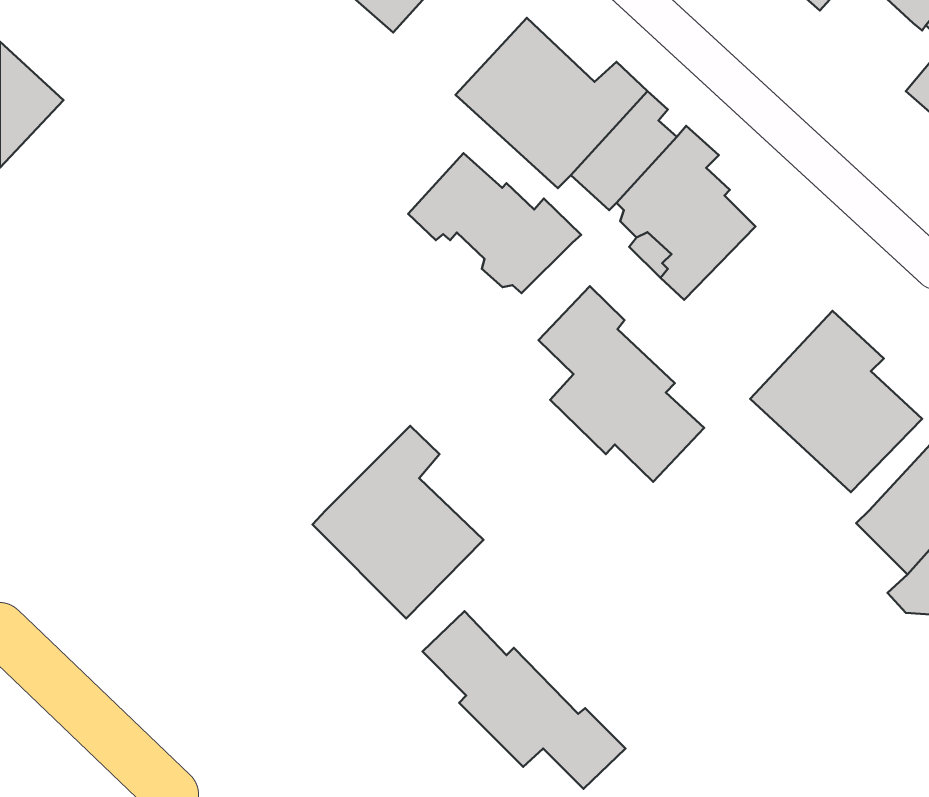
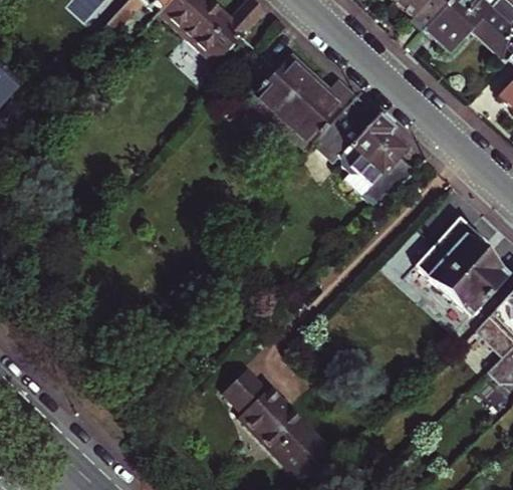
building: [408,153,581,293] -> none
building: [539,286,704,482] -> none
building: [313,426,484,618] -> none

